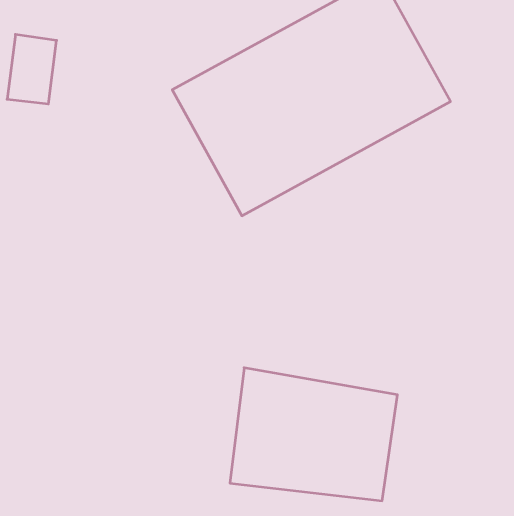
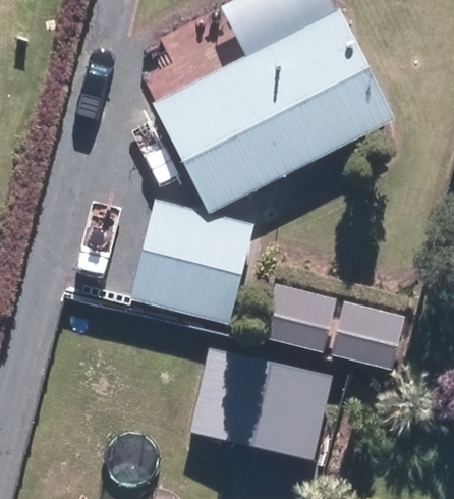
building: none -> [132,200,251,321]
building: none -> [264,283,402,366]

